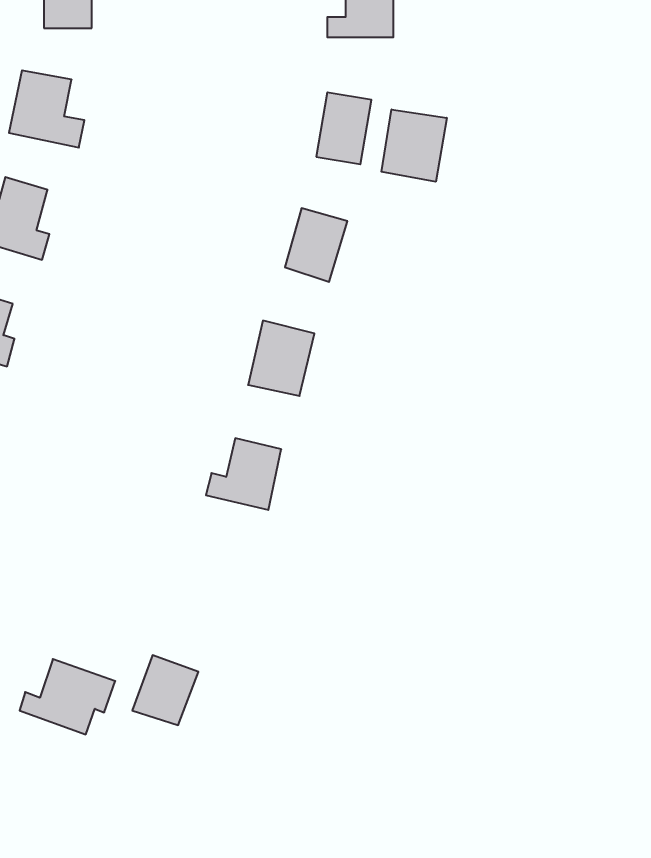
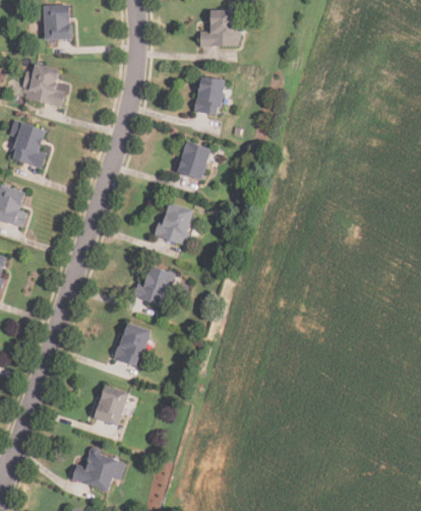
building: [381,109,447,182] -> none
building: none -> [114,322,149,366]
building: [20,659,115,734] -> [71,450,124,492]

